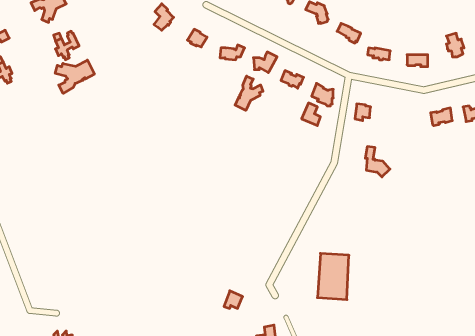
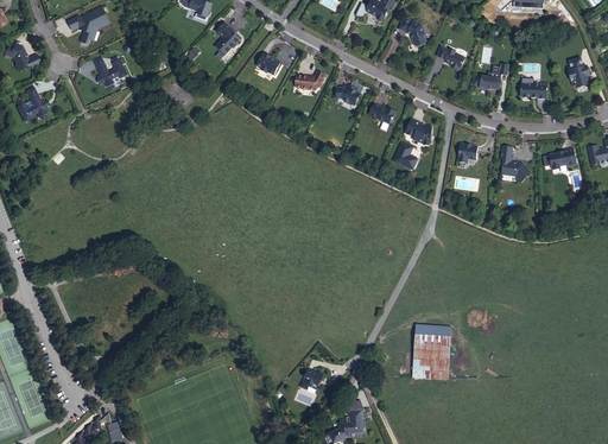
building: [55,60,94,93] -> none
building: [235,76,263,110] -> none
building: [365,147,390,177] -> [501,145,531,182]

